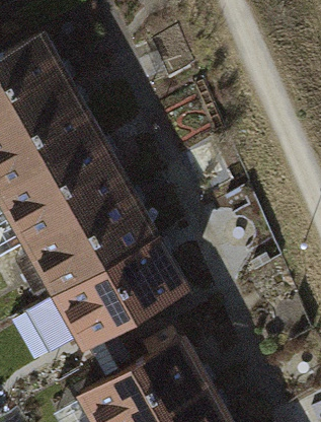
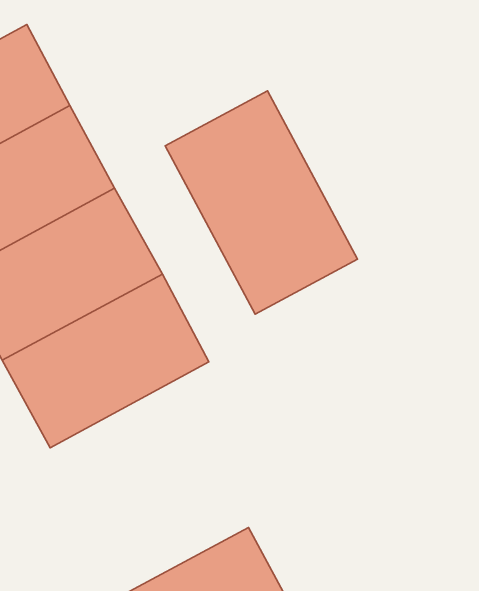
building: none -> [165,91,358,314]
building: [57,242,182,348] -> none

